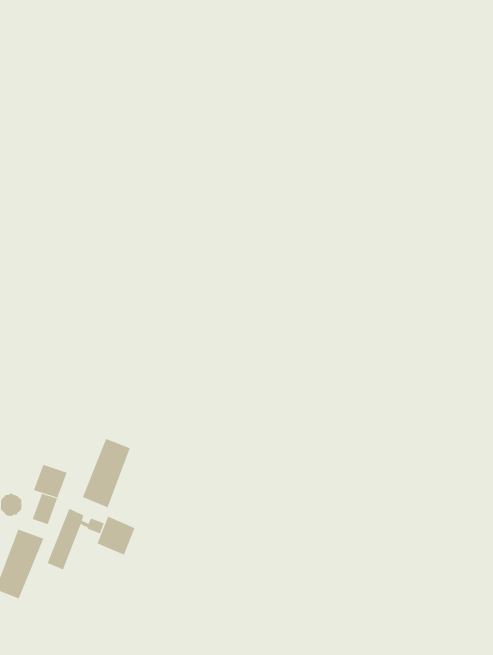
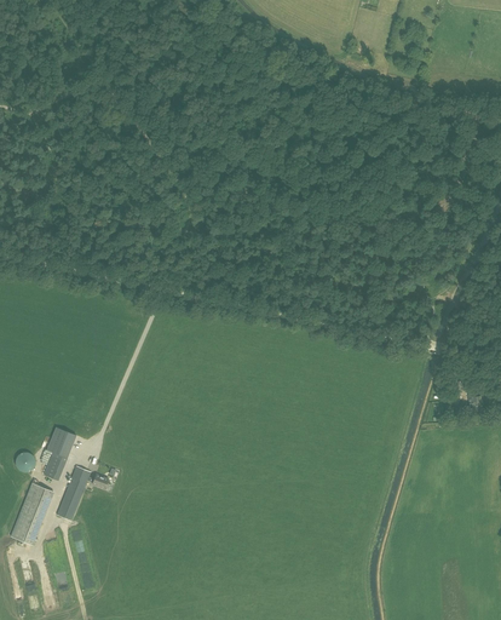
building: [82,438,130,508] -> none
building: [97,516,135,556] -> none

